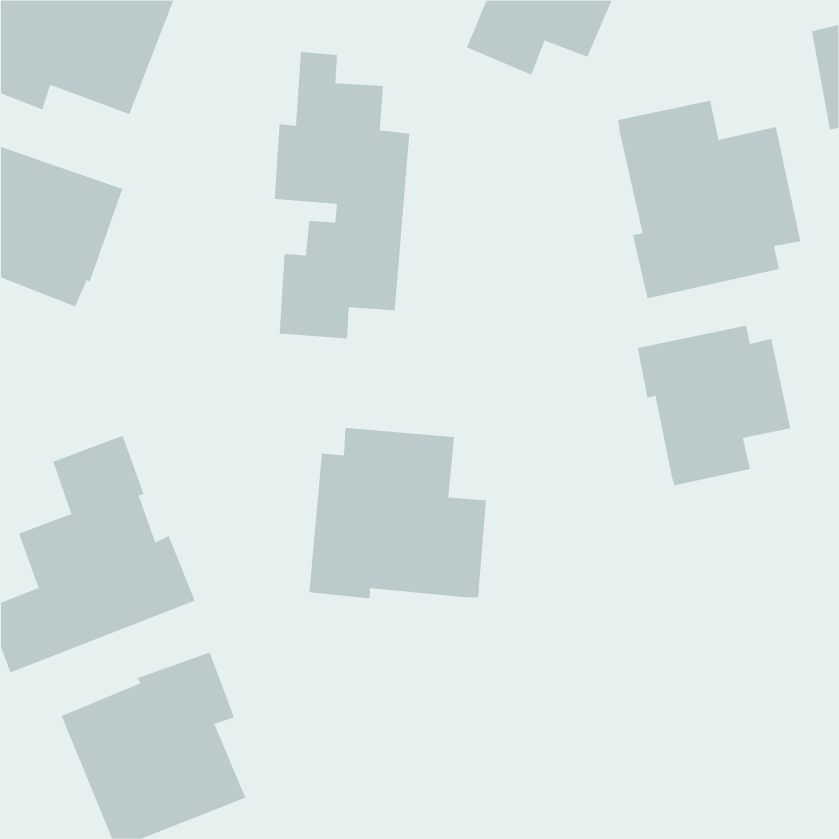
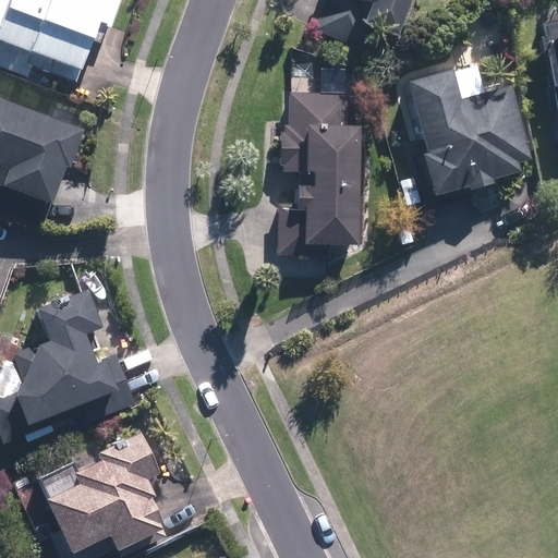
building: [274,51,410,339] -> [274,71,364,262]
building: [637,325,791,486] -> none
building: [309,427,486,599] -> none

